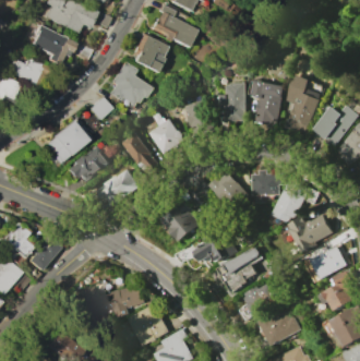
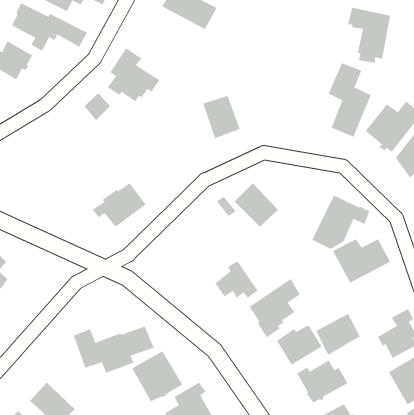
building: [133,34,166,72] -> none
building: [250,80,285,124] -> [347,7,391,63]
building: [215,82,245,120] -> none
building: [149,112,184,154] -> none
building: [47,120,91,161] -> none
building: [122,132,159,170] -> none
building: [67,145,109,183] -> none
building: [254,169,286,195] -> none
building: [160,200,201,241] -> none
building: [27,234,60,269] -> none
building: [313,245,349,279] -> [316,313,361,356]

